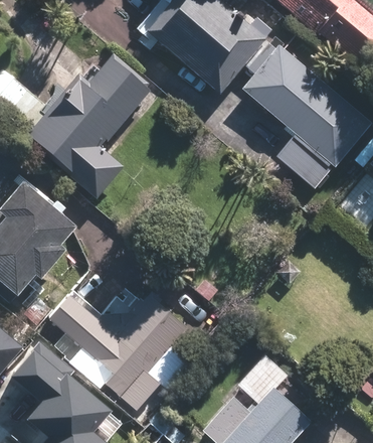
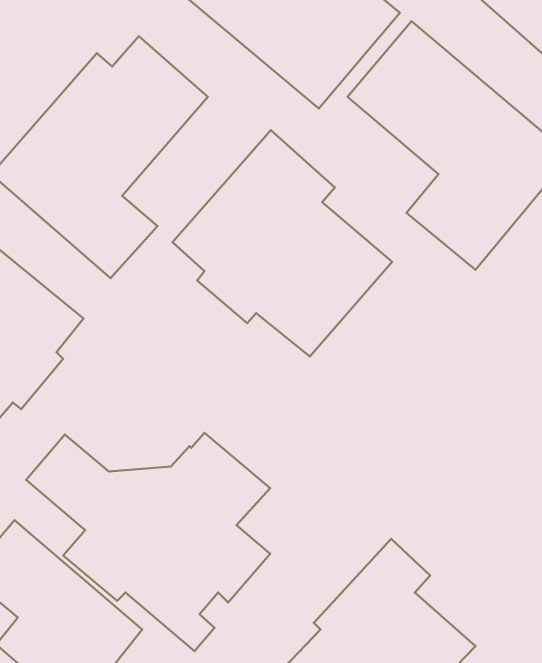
building: none -> [172,130,392,356]

